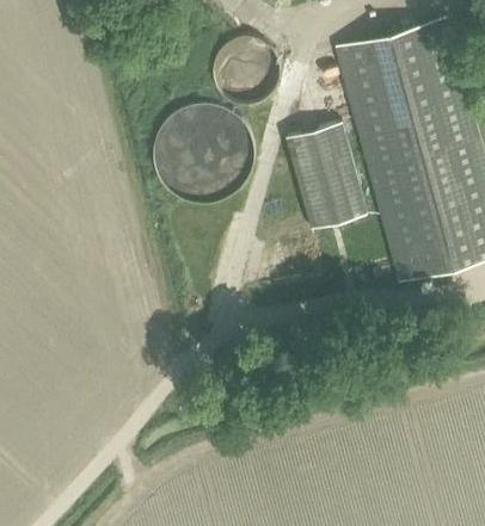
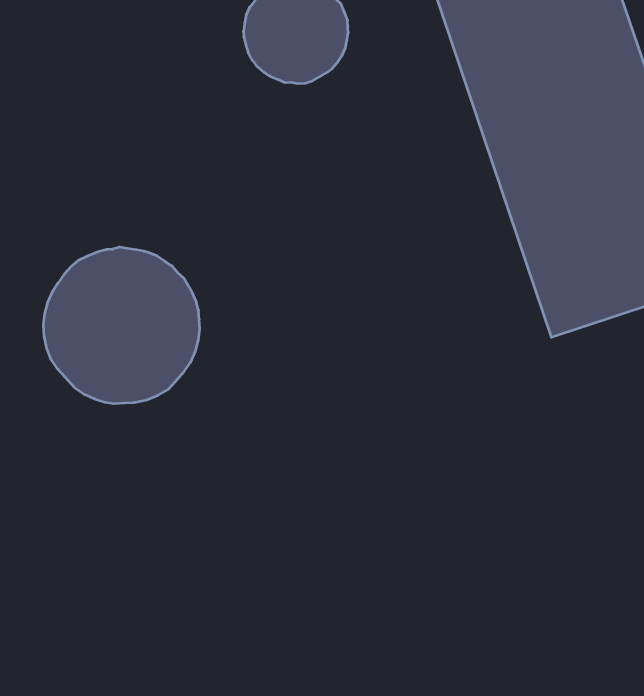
building: [153,112,254,214] -> [43,247,200,404]
building: [284,120,366,228] -> none

